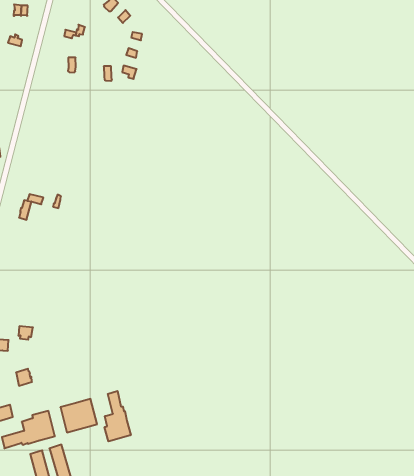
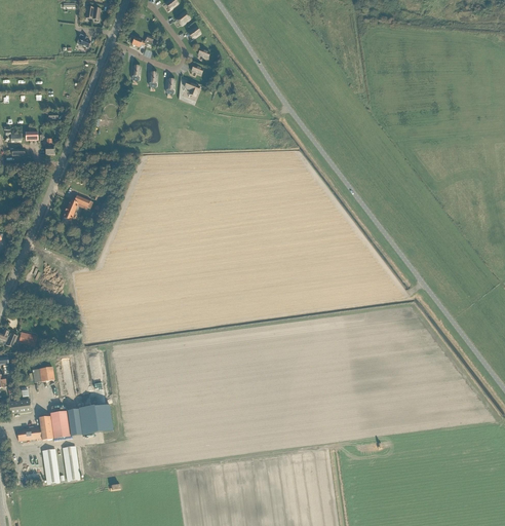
building: [105,391,131,441] -> none

